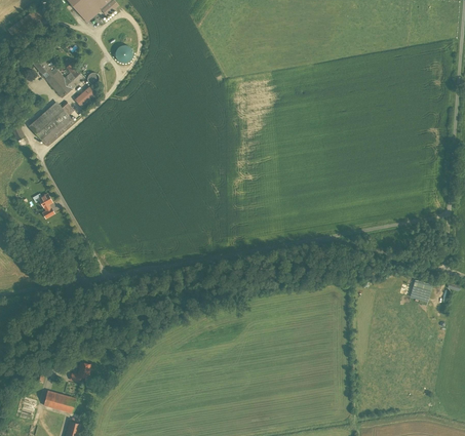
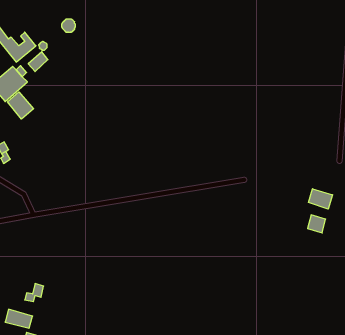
building: none -> [8,92,34,119]
building: none -> [309,189,333,209]

